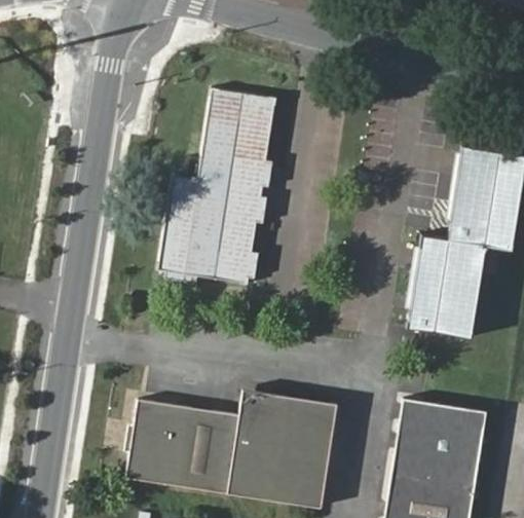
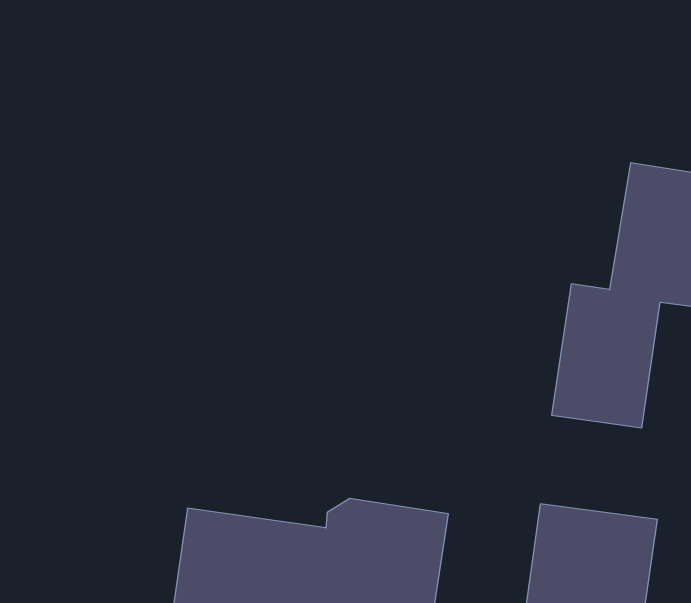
building: [161,96,278,288] -> none

